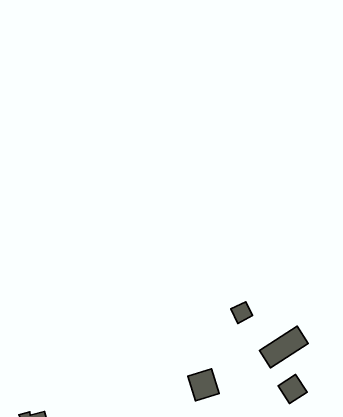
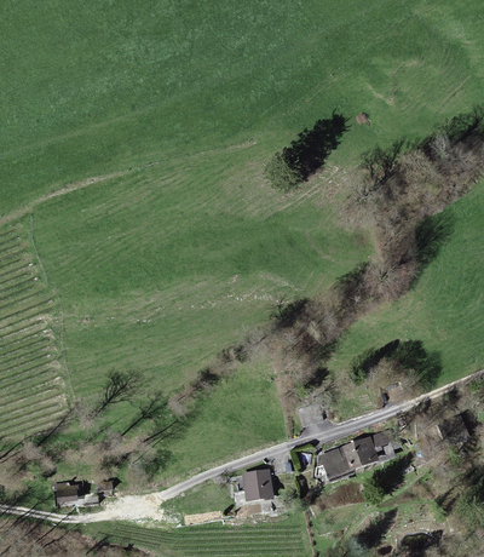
building: [278,374,307,404] -> none

